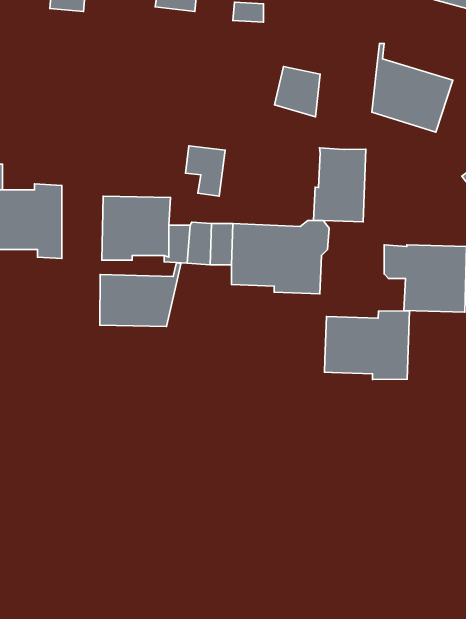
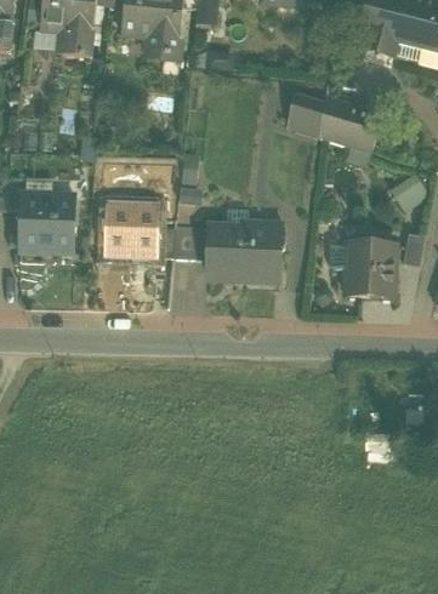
building: [274,67,320,117] -> [286,97,323,137]
building: [313,148,366,222] -> none
building: [100,263,181,327] -> none
building: [325,311,409,380] -> none

